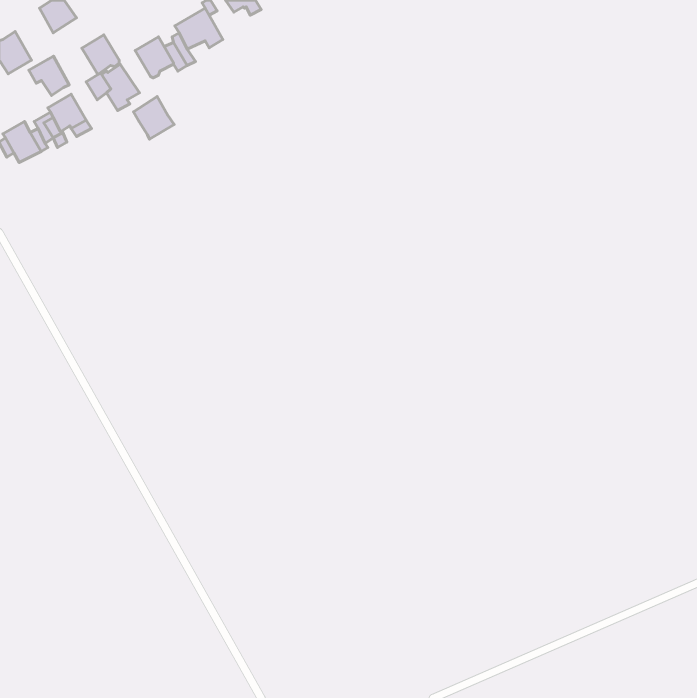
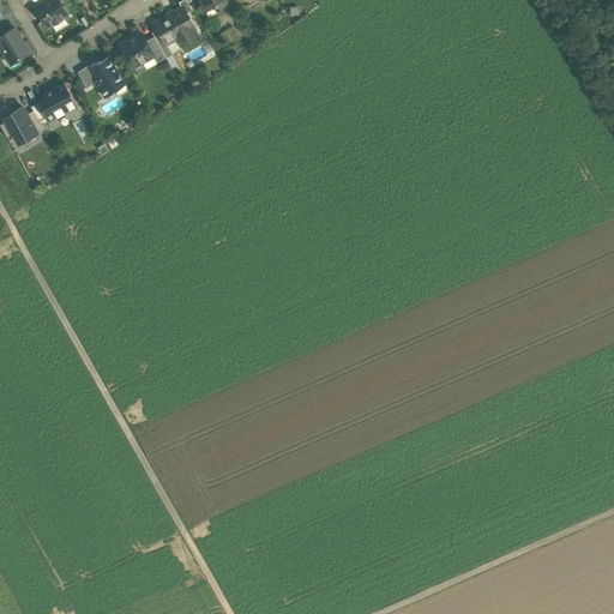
building: [82,35,119,74] -> none
building: [29,56,69,95] -> none
building: [134,97,174,139] -> none

